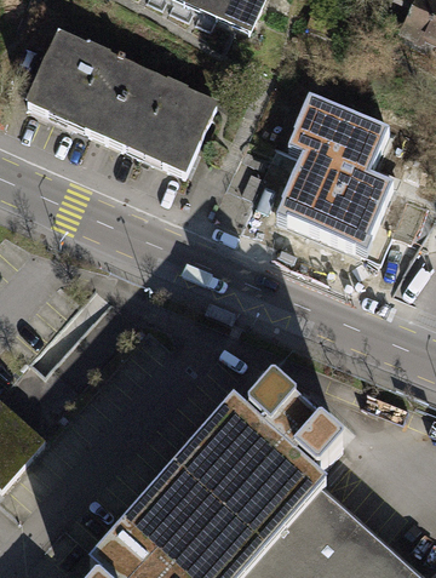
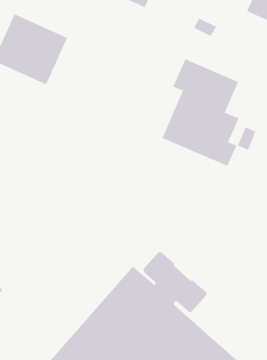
building: [107,70,213,173] -> none

